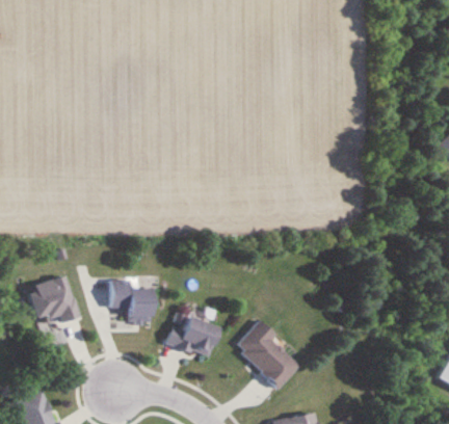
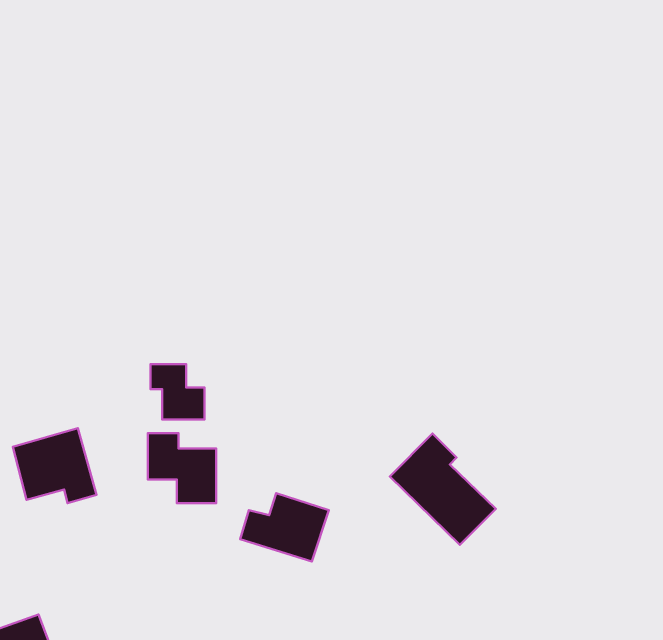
building: none -> [150,364,205,420]
building: [235,320,299,388] -> [390,434,496,545]

